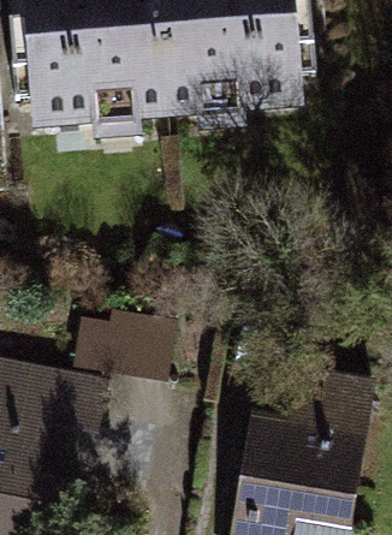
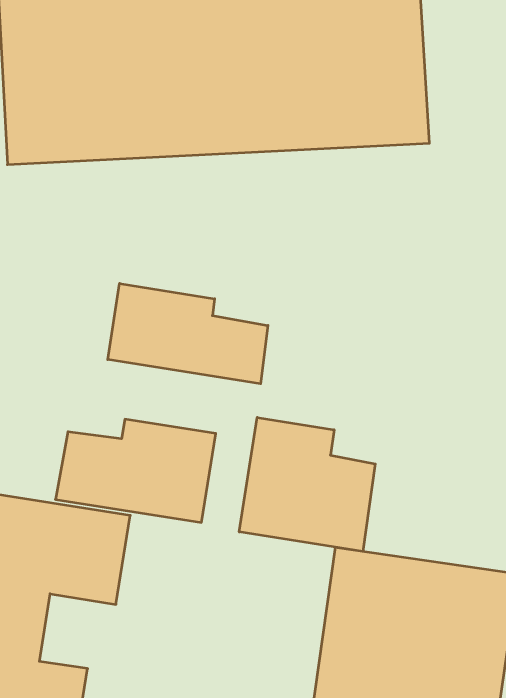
building: none -> [108,283,268,384]
building: none -> [239,417,375,551]

